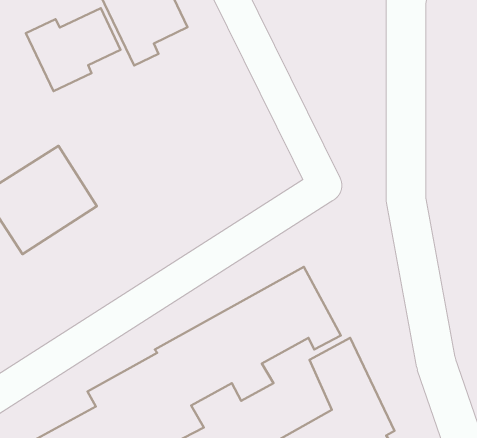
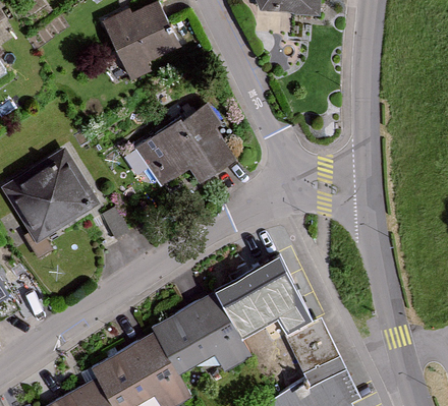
building: [26,8,121,91] -> none
building: none -> [129,106,231,189]

